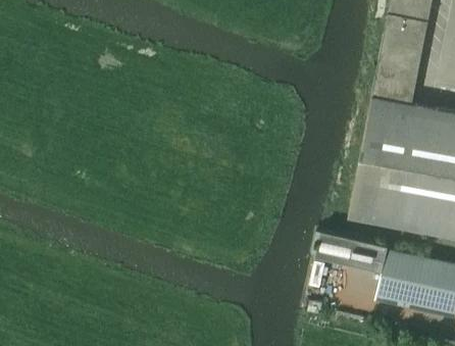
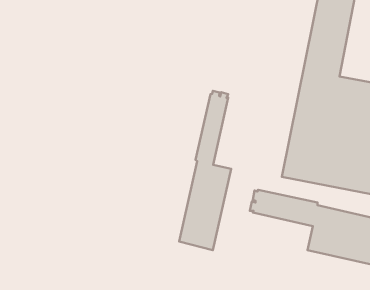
building: none -> [179,91,231,250]

